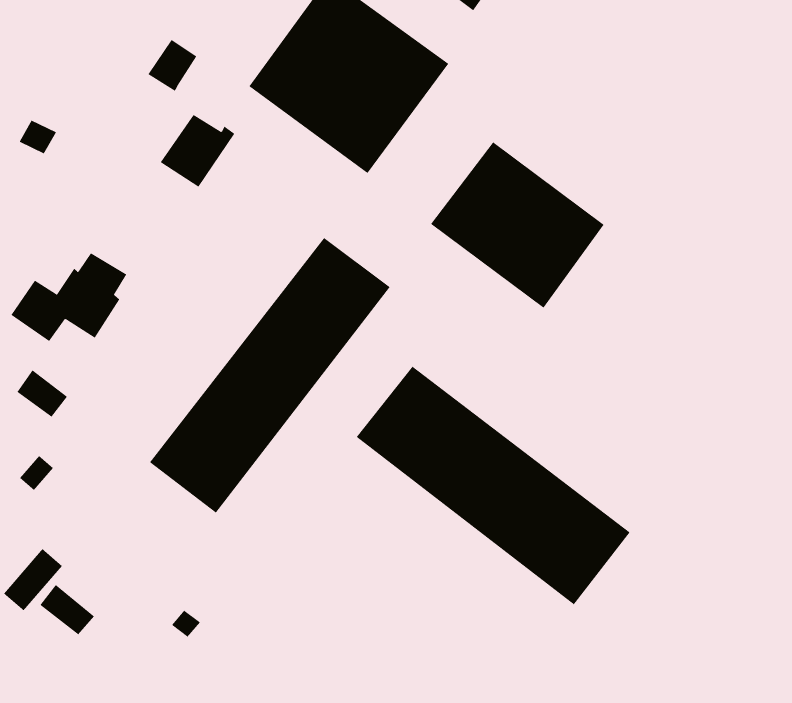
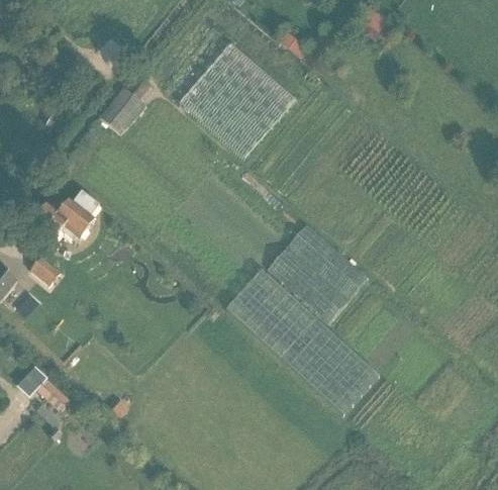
building: [160,114,235,188] -> [100,91,144,133]
building: [430,142,605,308] -> [268,224,368,322]
building: [149,237,391,514] -> none

